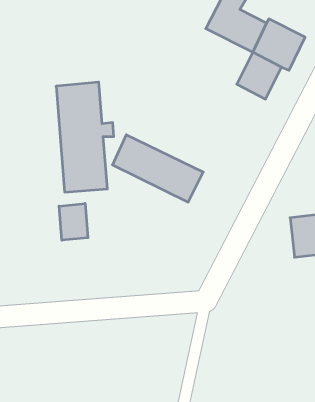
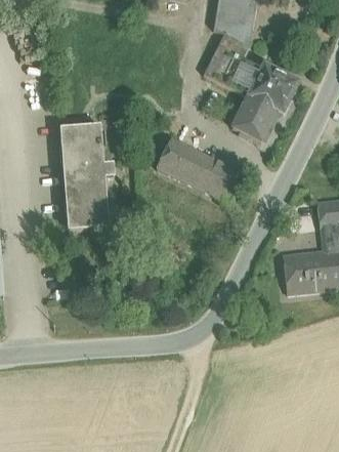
building: [112,135,203,202] -> [157,138,244,203]
building: [59,203,88,240] -> none

